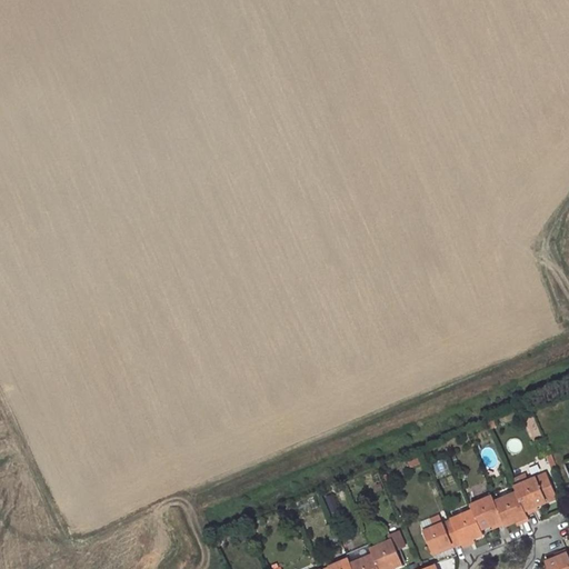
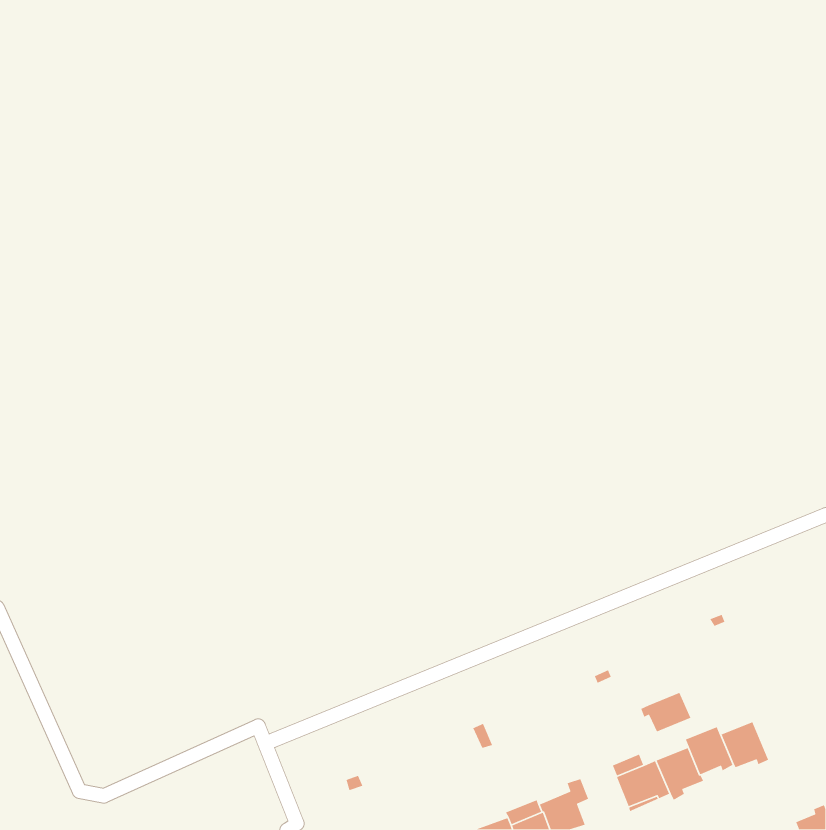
building: none -> [640,692,691,732]
building: [512,473,556,515] -> none

